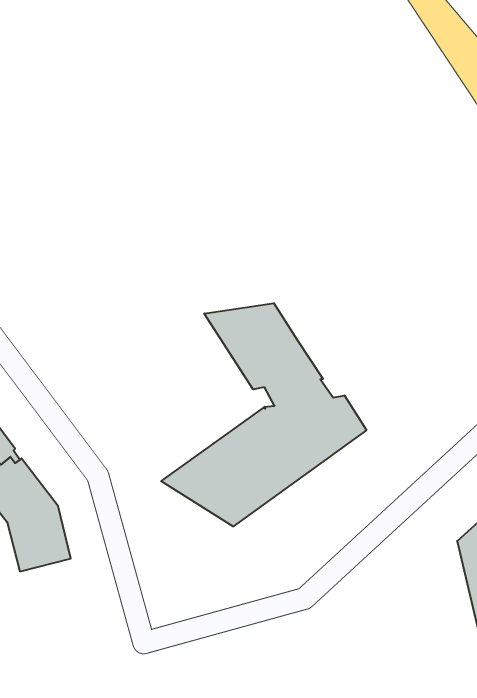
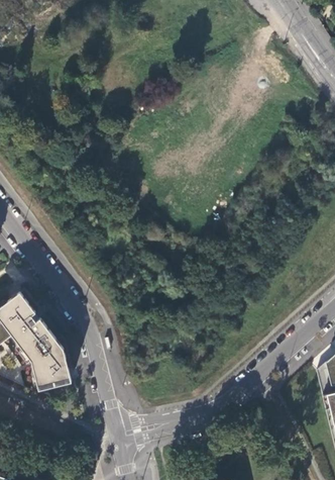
building: [161,303,366,526] -> none

